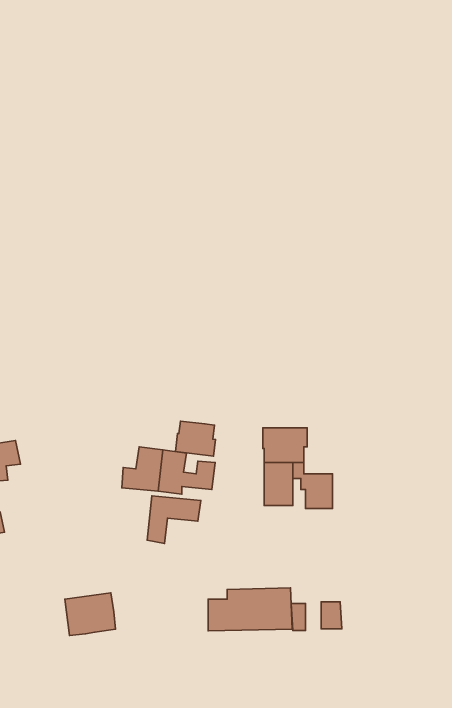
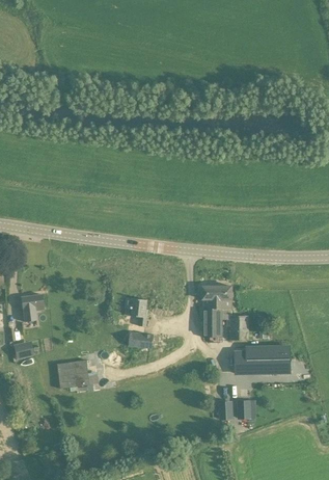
building: [175,421,216,456] -> none
building: [208,588,292,631] -> [236,345,291,373]
building: [65,593,115,635] -> [56,359,89,388]

